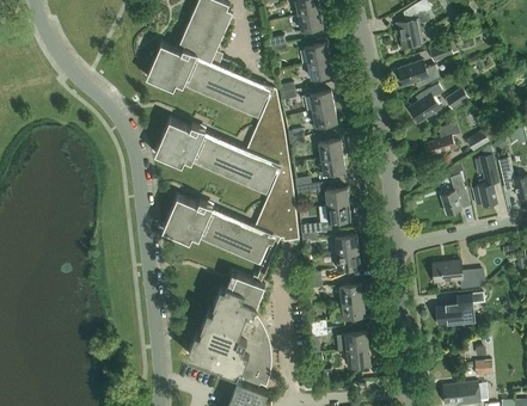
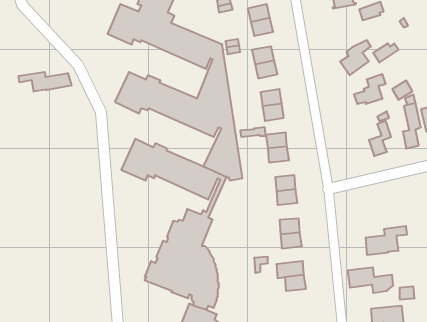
building: [397,62,439,91] -> none
building: none -> [18,72,71,92]
building: [431,262,483,290] -> [348,267,393,293]

